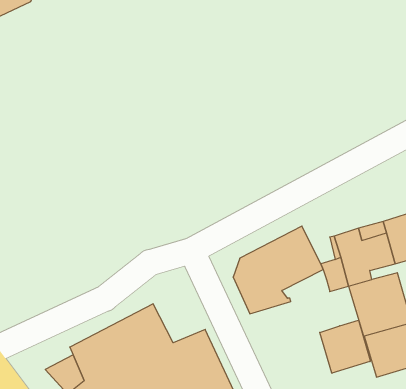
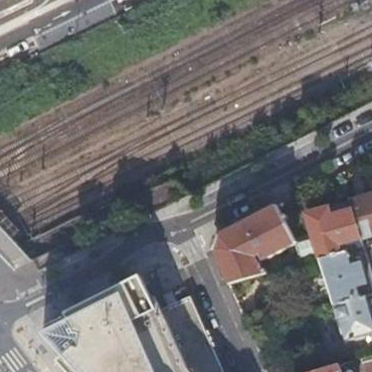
building: [320,320,371,373] -> none

